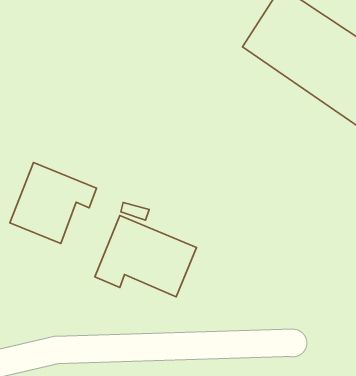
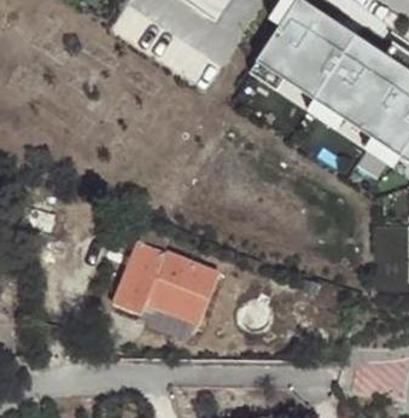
building: [10,162,97,243] -> none

